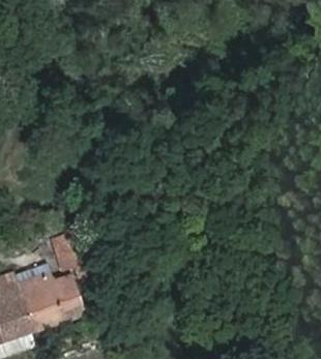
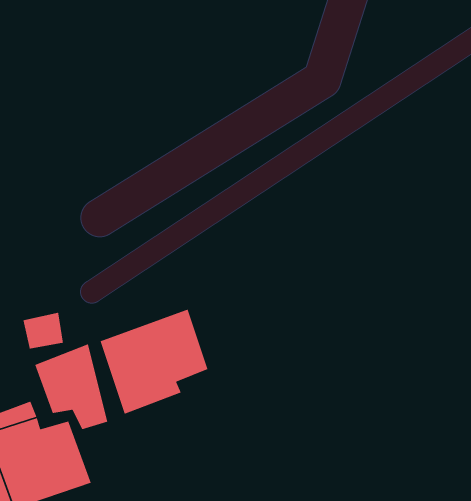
building: none -> [100,309,208,415]

